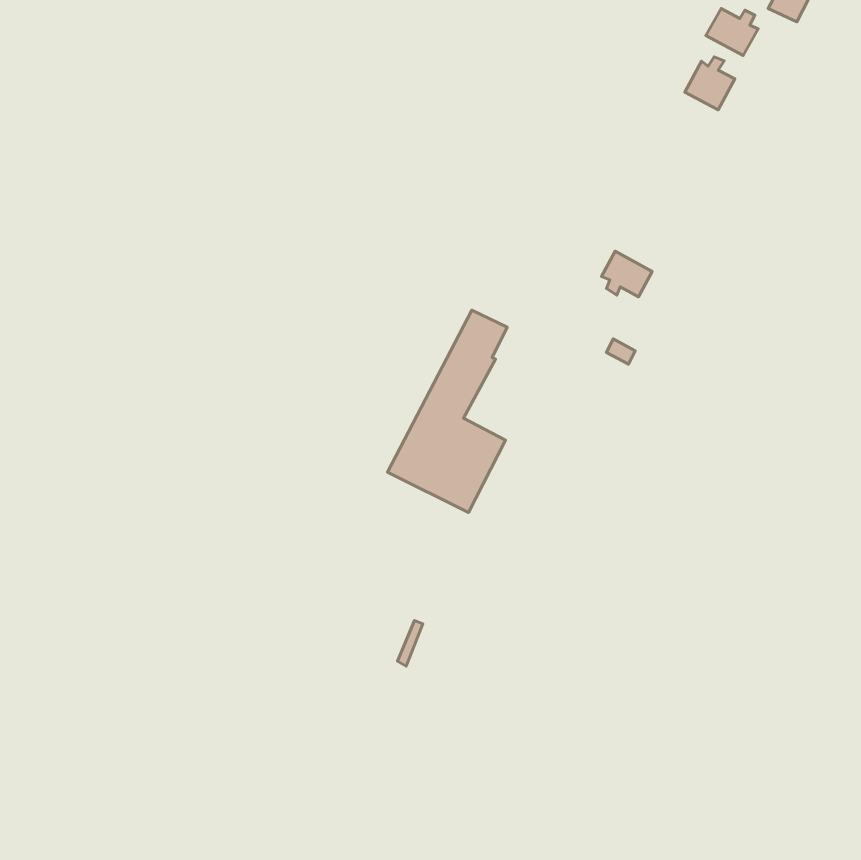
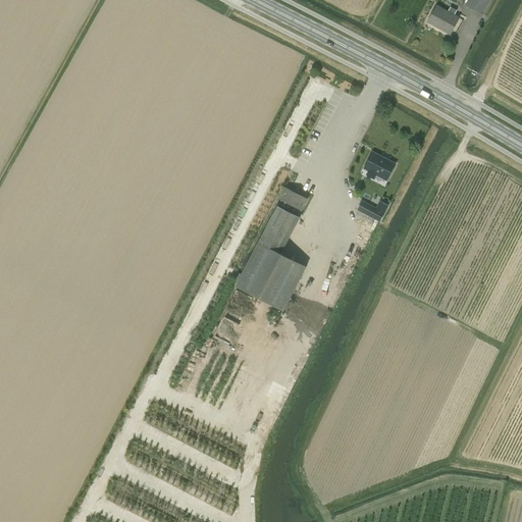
building: [685,57,735,110] -> none

